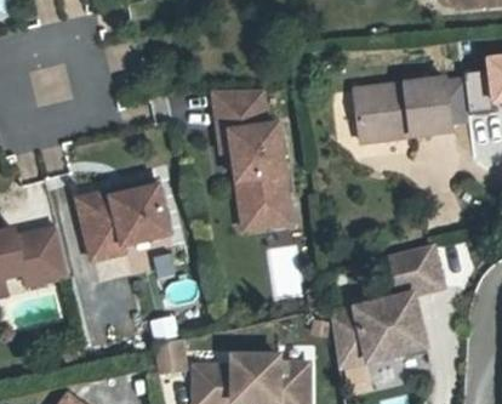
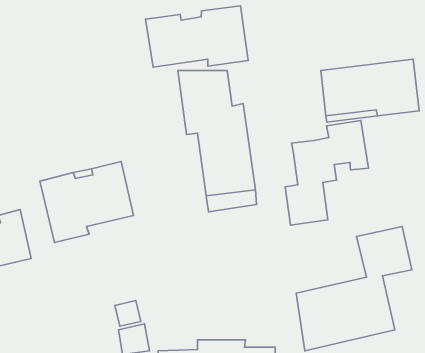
building: none -> [146,6,248,67]
building: none -> [285,121,368,225]

